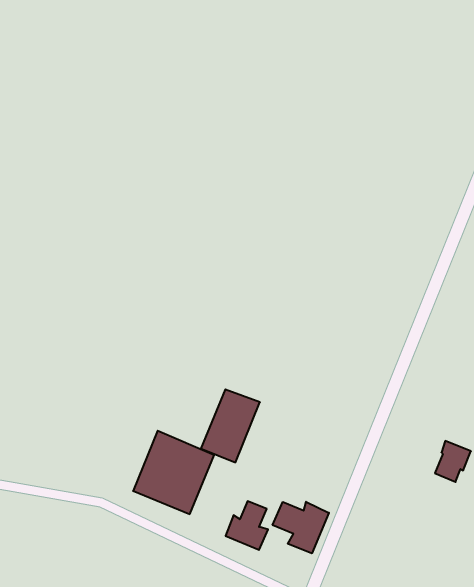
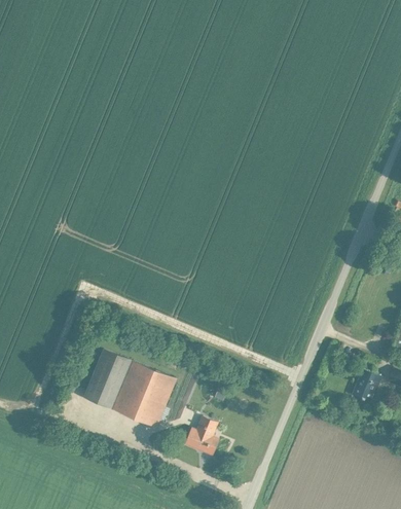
building: [201,389,260,462] -> [83,349,131,407]
building: [273,502,329,553] -> none

